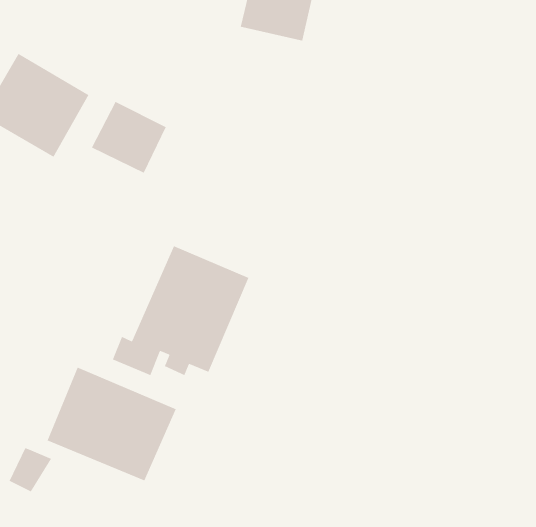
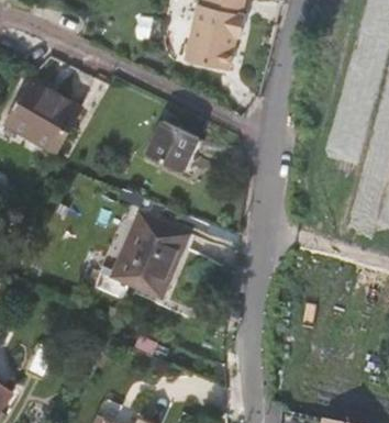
building: [91,101,167,174] -> [147,120,199,169]
building: [46,366,177,482] -> none

